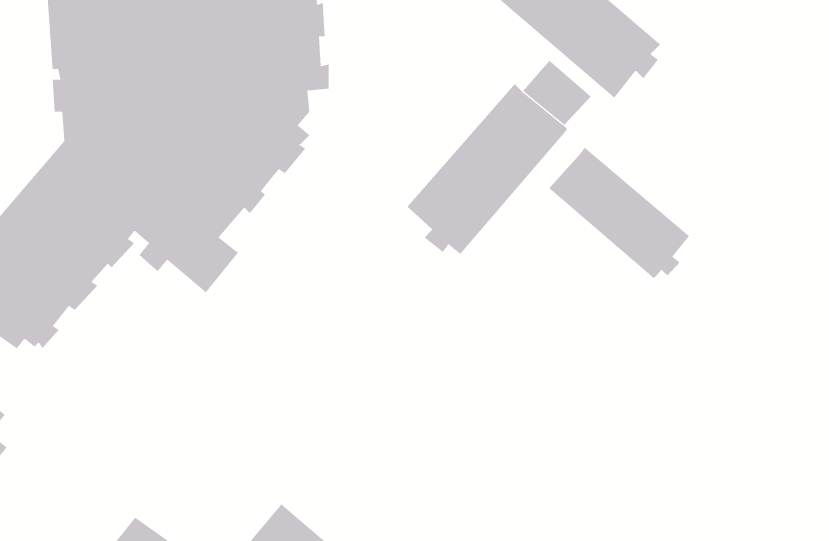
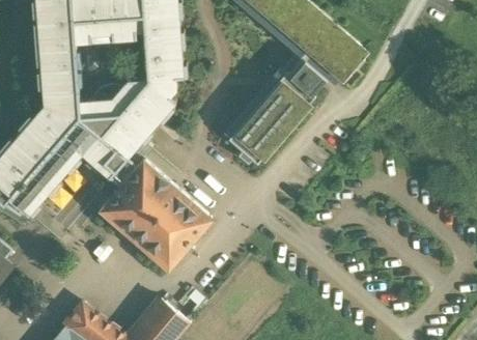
building: [549,147,690,279] -> none
building: none -> [100,160,209,268]

